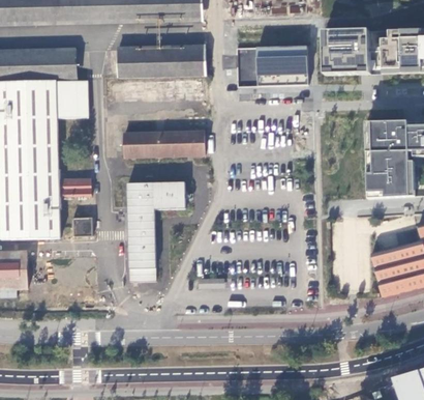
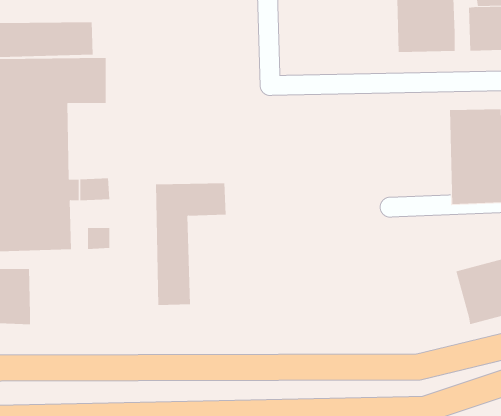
building: [236,45,308,85] -> none
building: [118,48,207,77] -> none
building: [123,131,205,158] -> none

